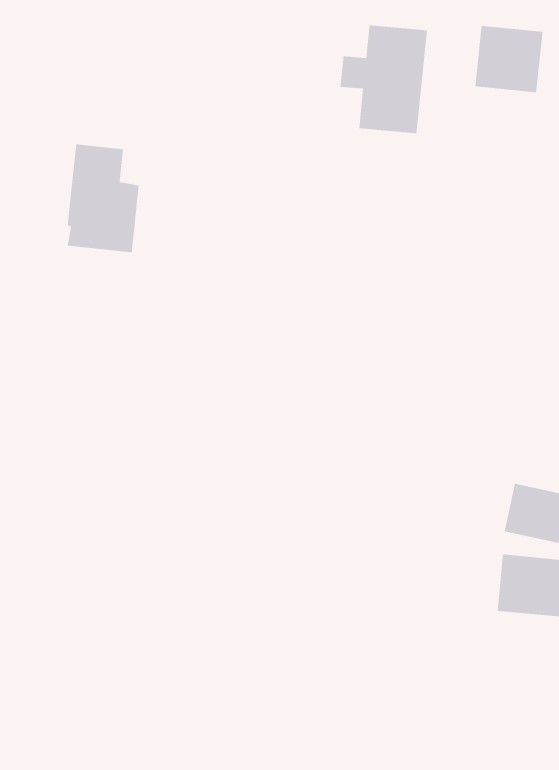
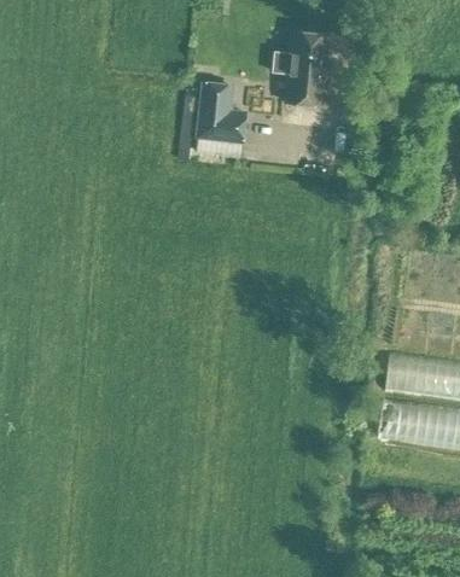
building: [475,25,543,93] -> none
building: [67,144,139,253] -> [194,81,245,157]

